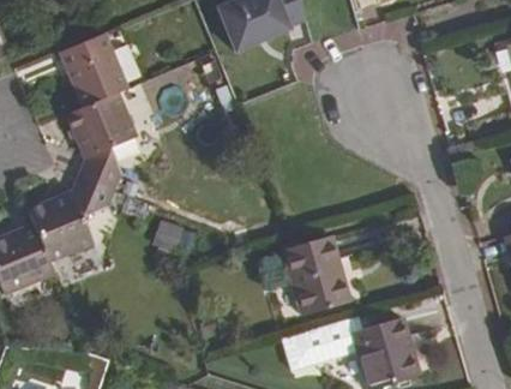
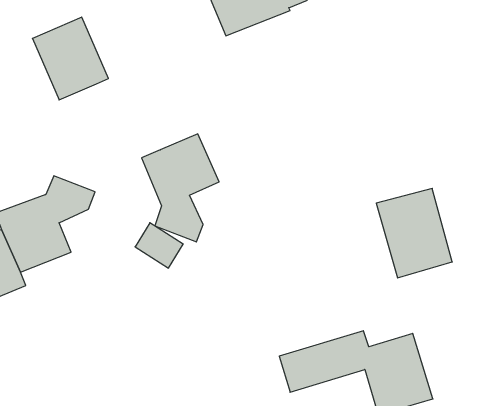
building: [67,92,137,190] -> [142,134,219,242]
building: [282,235,350,316] -> [376,188,452,278]

